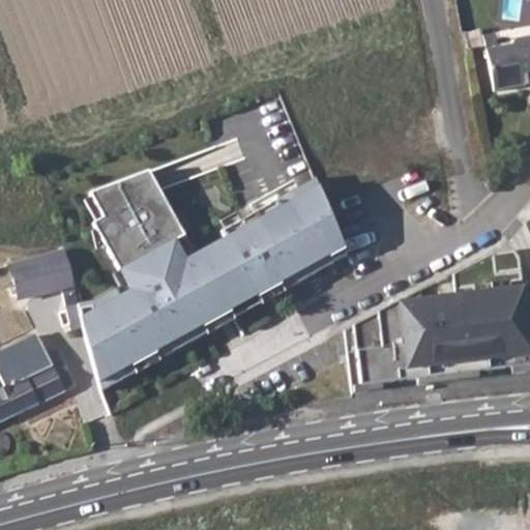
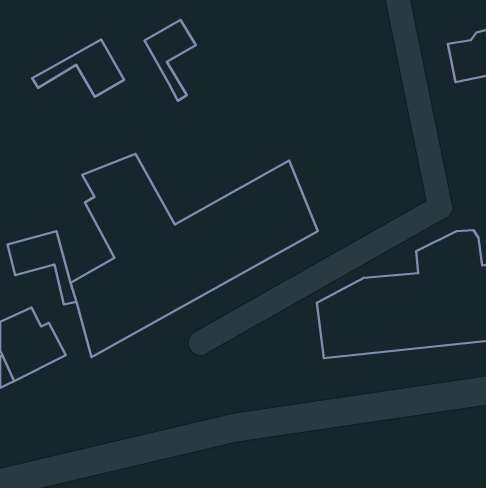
building: none -> [144,20,196,101]
building: none -> [32,40,124,97]

